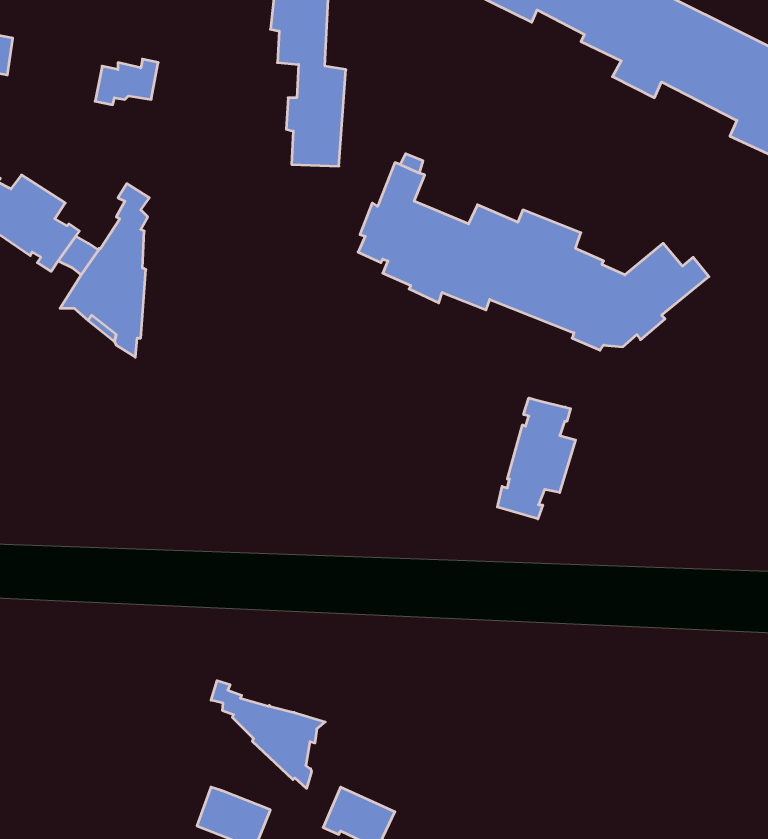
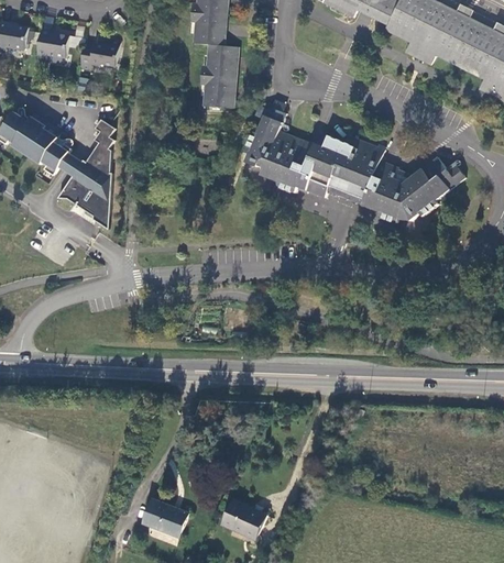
building: none -> [37,30,70,58]
building: [497,398,576,519] -> none
building: [211,681,325,788] -> none

